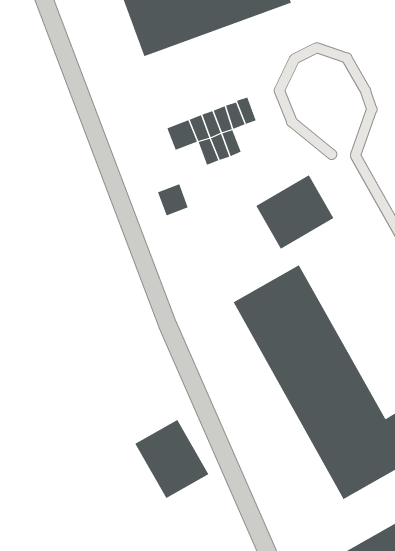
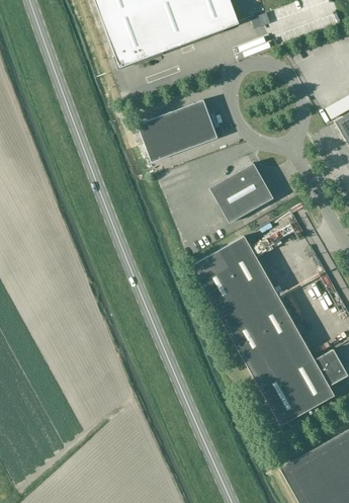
building: none -> [192,119,219,145]
building: [157,184,189,216] -> [146,137,171,163]
building: [134,419,209,499] -> none

